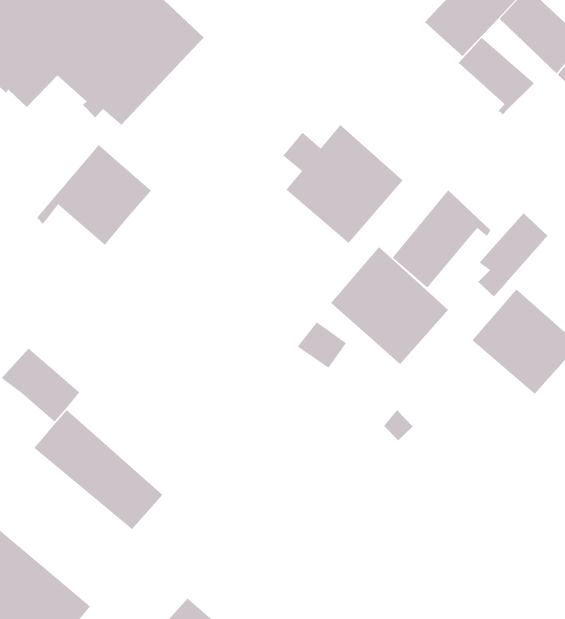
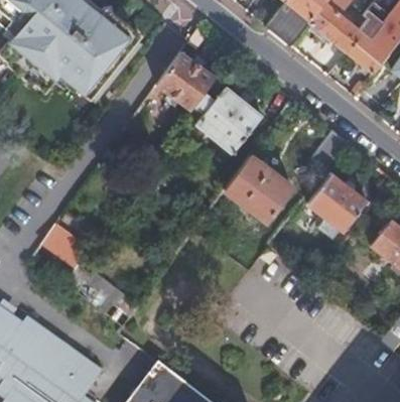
building: [458,37,535,115] -> none
building: [36,144,152,246] -> [150,52,215,110]
building: [392,189,491,288] -> none

